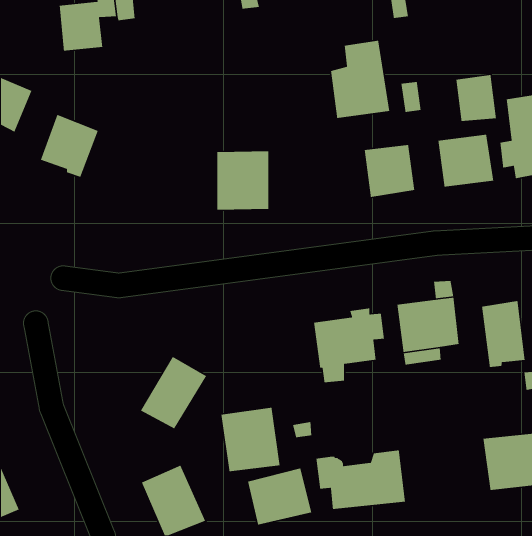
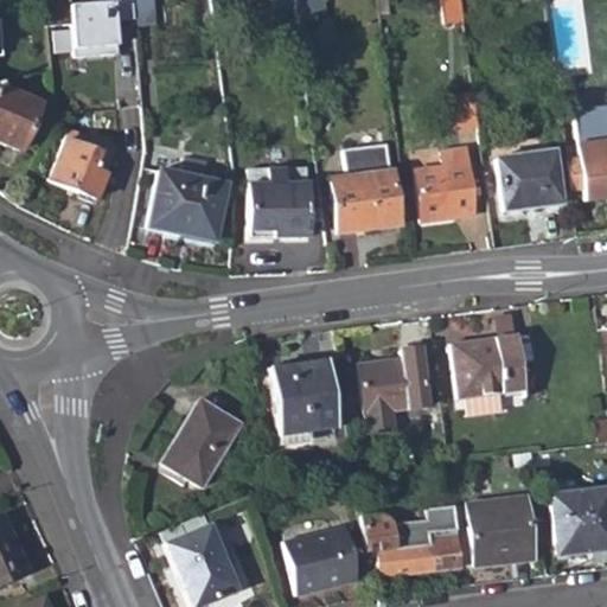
building: [330,40,390,119] -> [332,145,400,234]
building: [456,74,497,122] -> none
building: none -> [149,154,225,239]
building: [481,300,525,368] -> none
building: [221,407,281,472] -> [269,359,337,433]
building: none -> [468,497,535,564]

